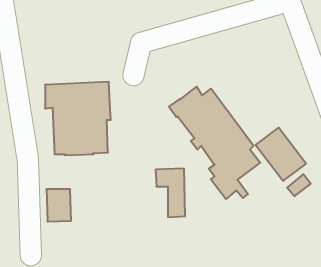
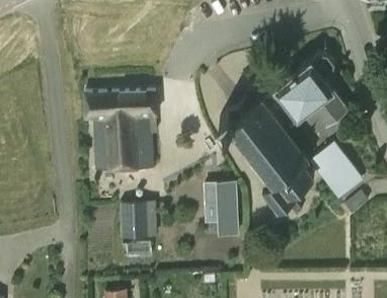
building: none -> [275,57,349,135]
building: [46,189,71,222] -> [121,205,147,239]

